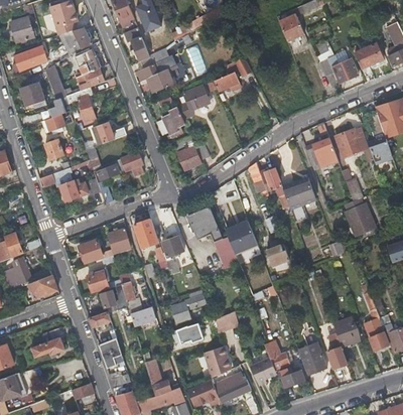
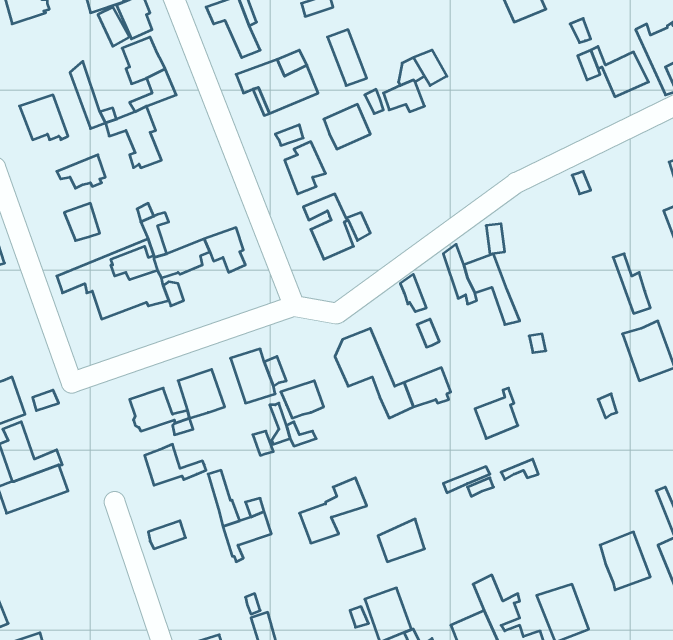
building: [15,47,48,72] -> none
building: [94,122,126,145] -> none
building: [337,128,368,156] -> none
building: [305,138,338,166] -> none
building: [283,176,314,205] -> none
building: [101,283,128,309] -> none
building: [172,321,208,341] -> none
building: [31,328,63,358] -> none
building: [328,333,347,370] -> none
building: [98,334,122,369] -> none

